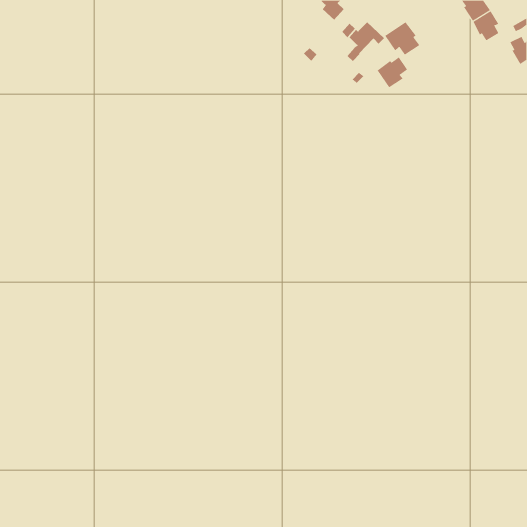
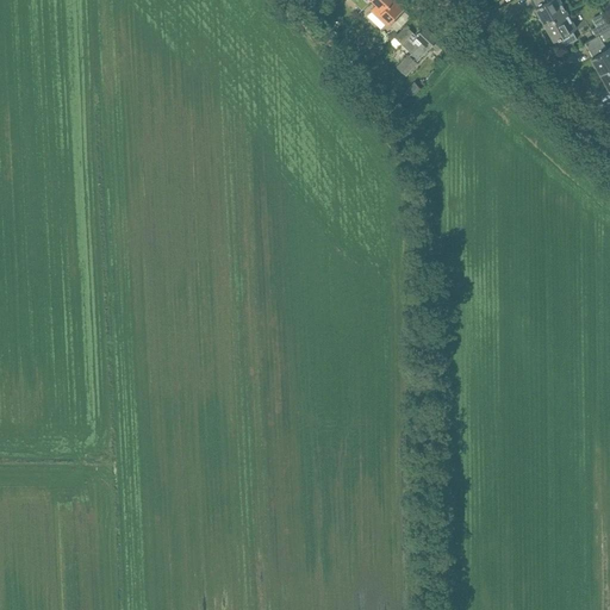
building: [385,21,420,56] -> none
building: [377,57,408,88] -> none

